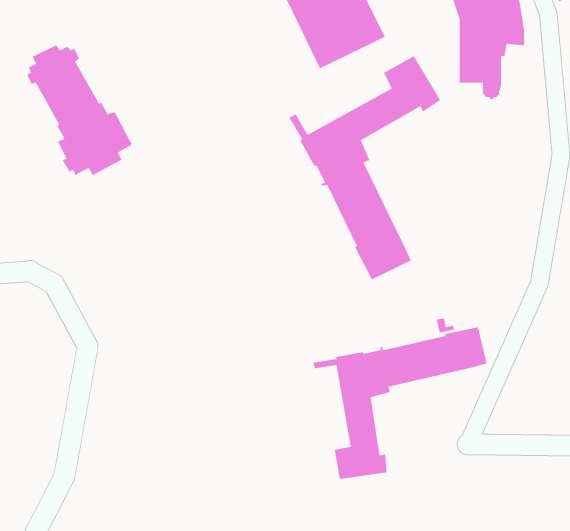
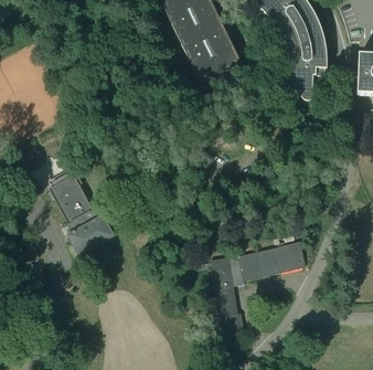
building: [26,44,133,176] -> [49,172,115,254]
building: [288,55,441,280] -> none

